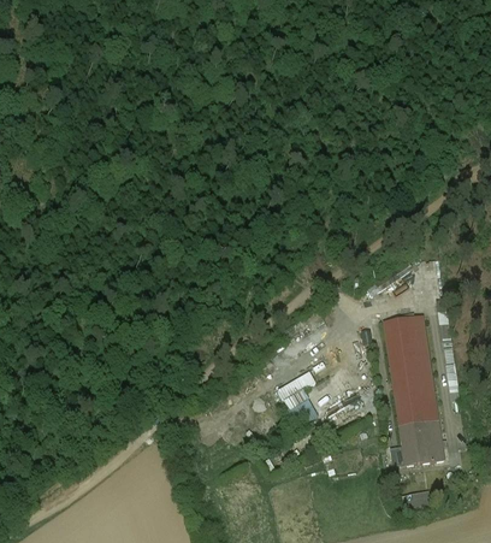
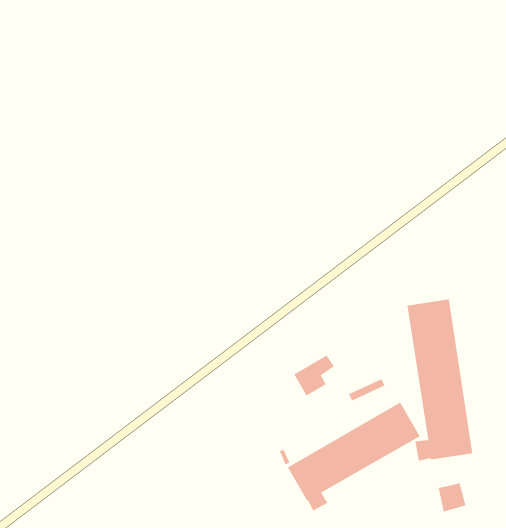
building: none -> [287,401,421,512]

